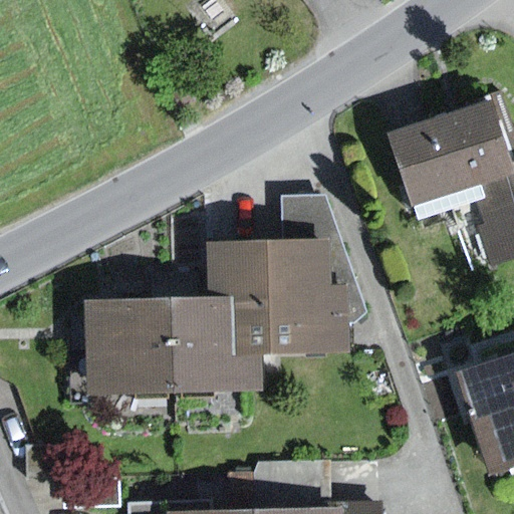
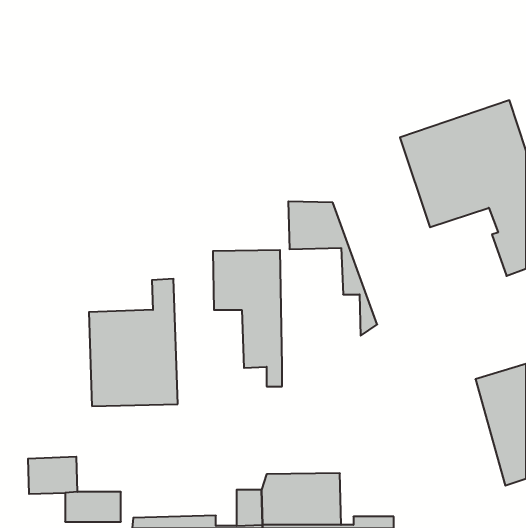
building: [272,241,351,355] -> none
building: [169,270,260,393] -> none

